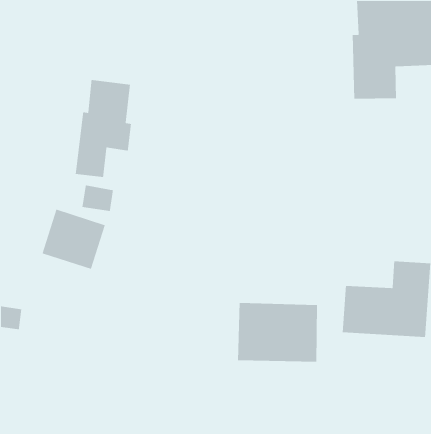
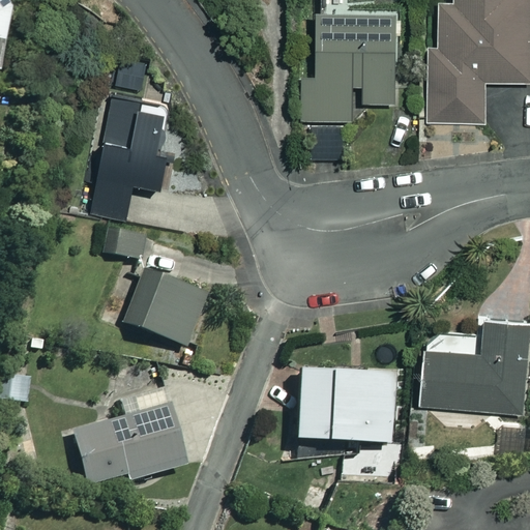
building: none -> [304,8,396,119]
building: [41,209,106,270] -> [125,270,204,345]
building: none -> [71,387,184,484]

